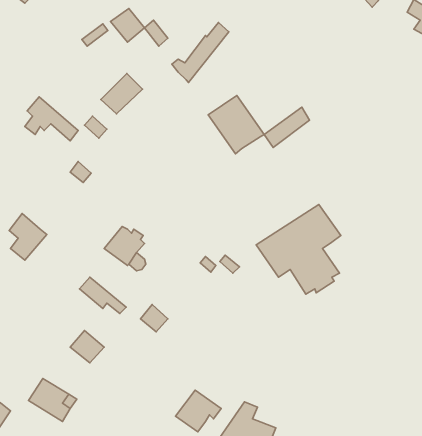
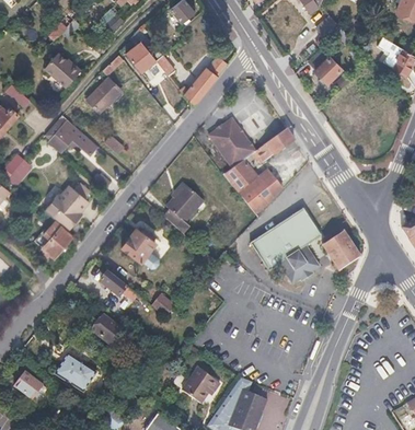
building: none -> [315,48,342,83]
building: none -> [44,53,81,86]
building: [101,74,143,114] -> [85,78,120,112]
building: none -> [223,152,283,212]
building: none -> [44,182,90,230]
building: none -> [164,184,204,232]
building: none -> [323,230,360,269]

